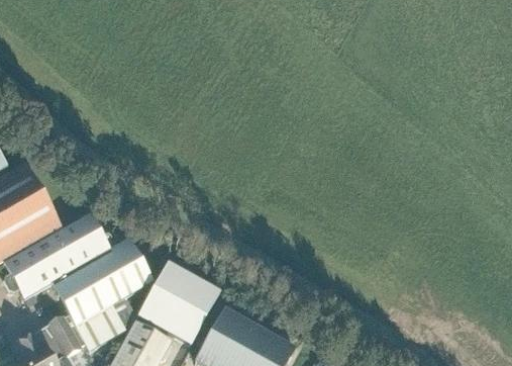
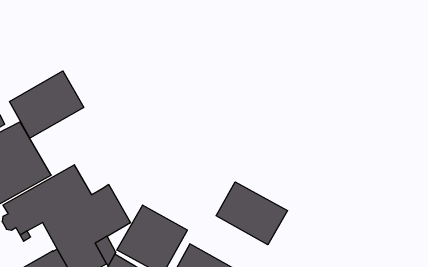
building: none -> [10,71,84,138]
building: none -> [216,182,288,245]

